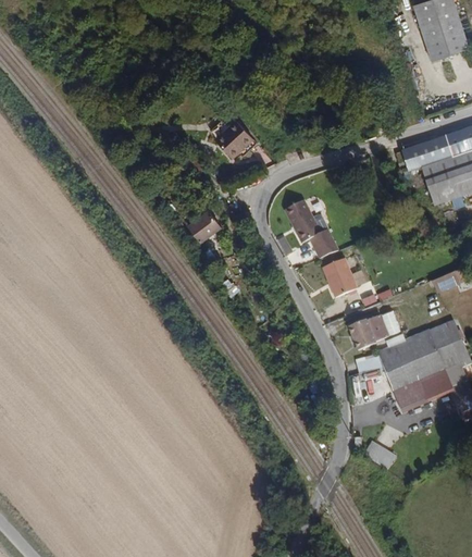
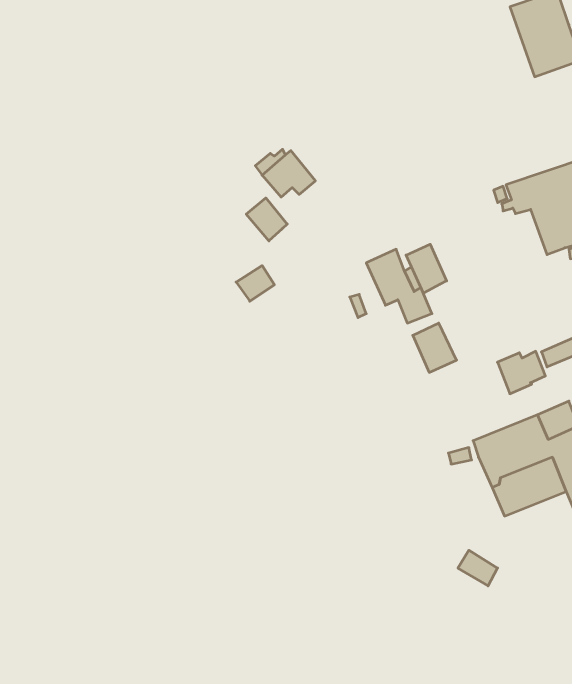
building: none -> [246,198,287,241]
building: none -> [406,244,447,293]
building: [352,317,390,350] -> [497,351,545,394]

